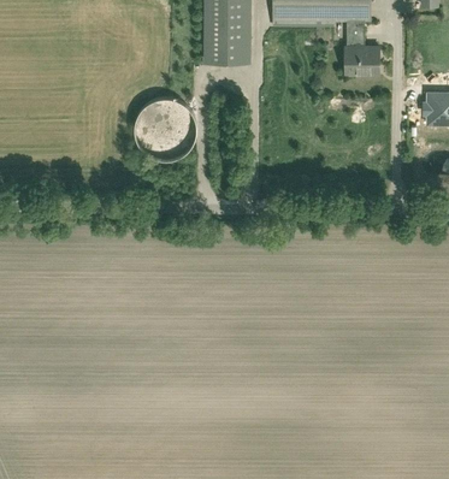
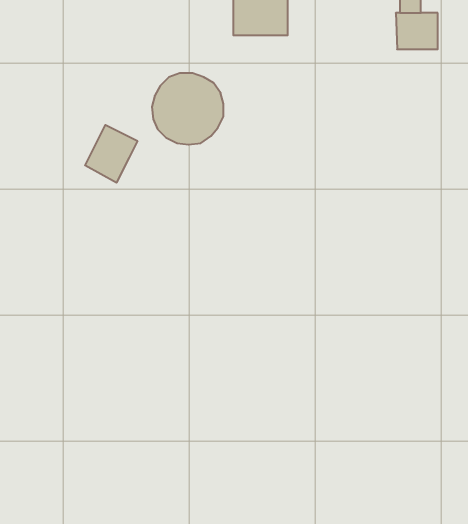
building: none -> [85,125,137,183]

